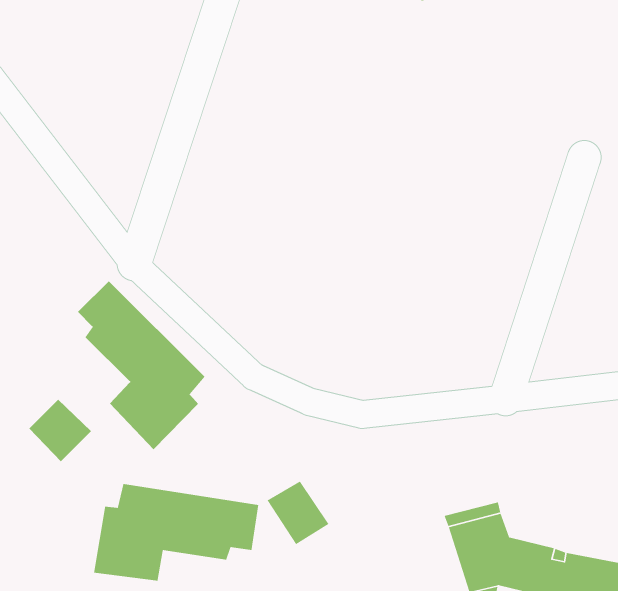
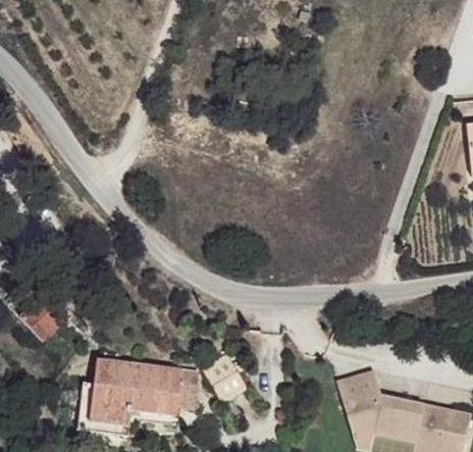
building: [77,280,205,450] -> none

